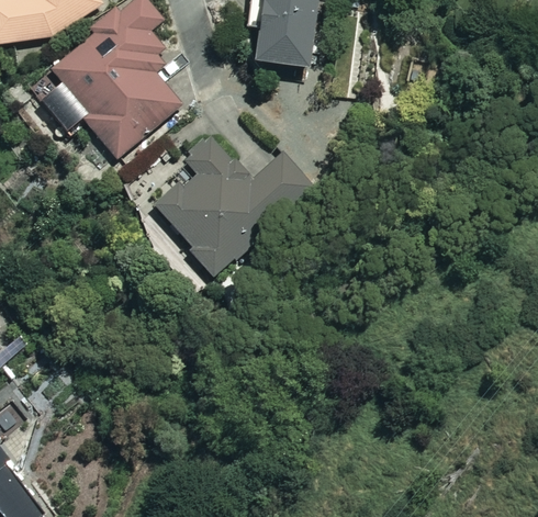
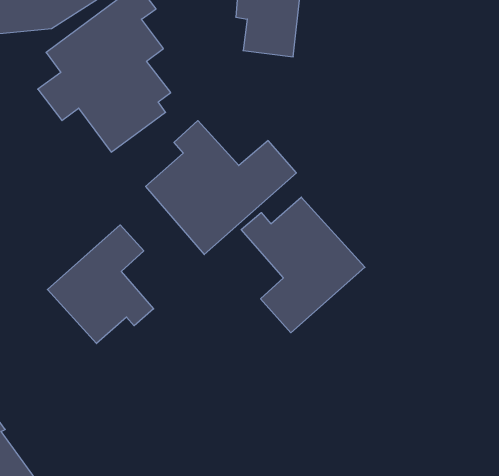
building: none -> [241,197,365,333]
building: none -> [47,225,154,344]

